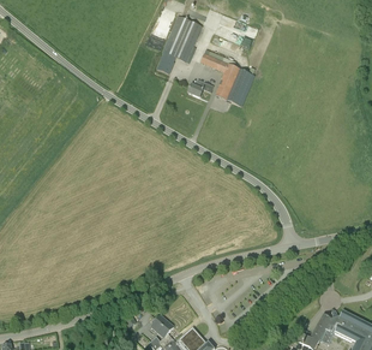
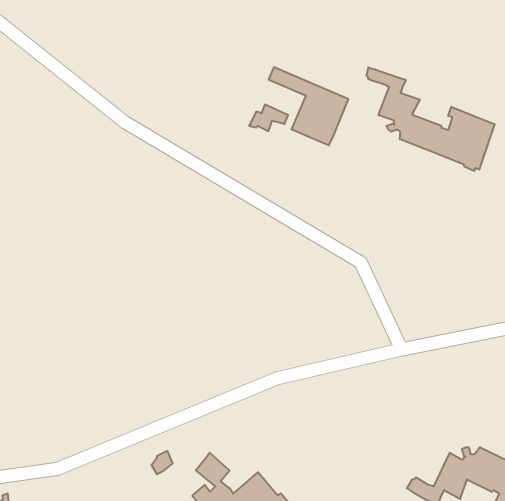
building: [155,13,202,72] -> none
building: none -> [367,67,495,171]

